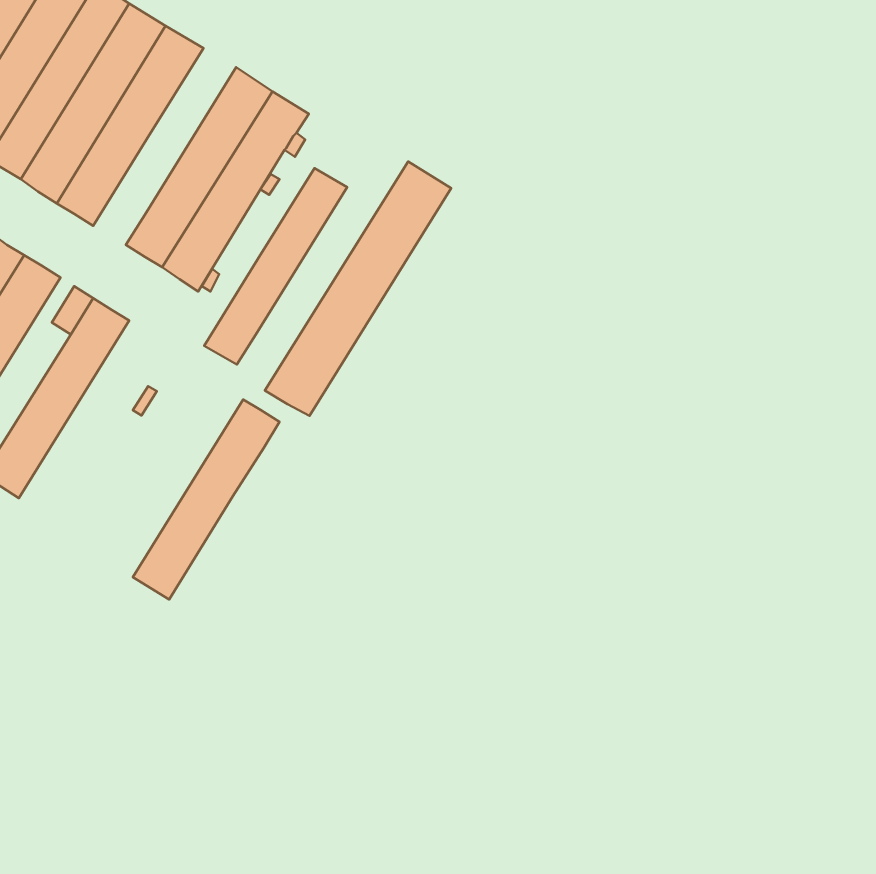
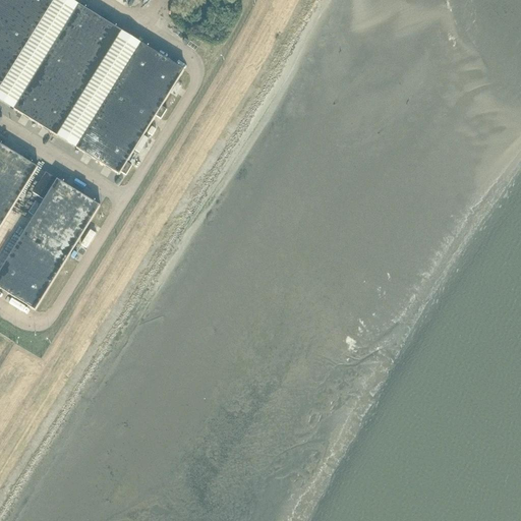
building: [265,162,451,416] -> none
building: [204,168,347,365] -> [55,28,139,144]
building: [133,399,279,599] -> [11,189,98,307]

